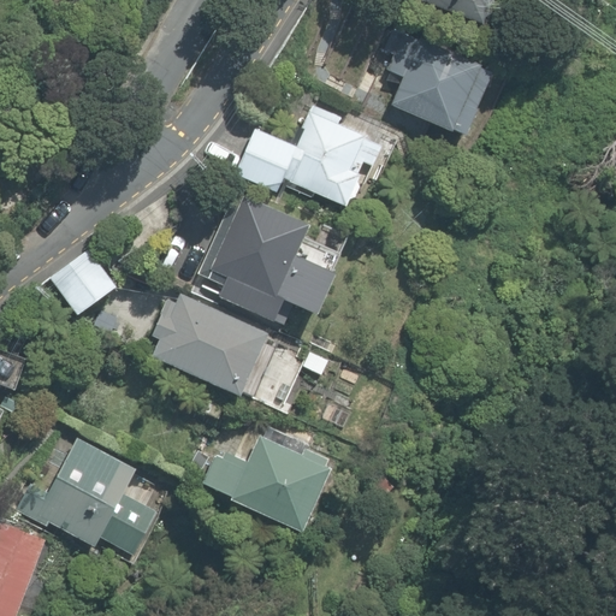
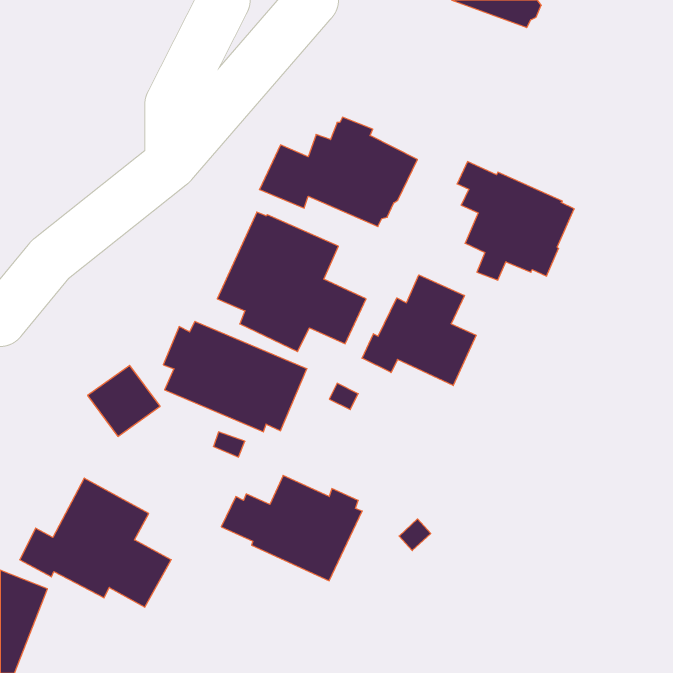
building: [383,30,490,138] -> [457,162,574,280]
building: [51,249,117,314] -> [88,365,160,436]
building: none -> [362,275,476,386]

